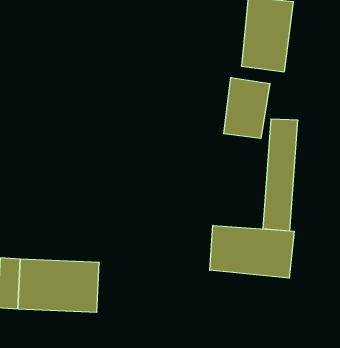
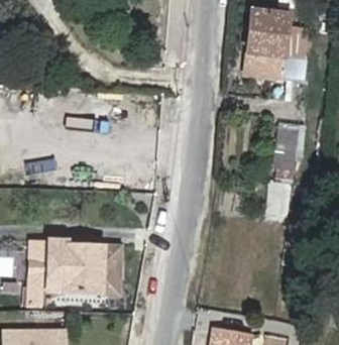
building: [224,77,270,138] -> none
building: [210,225,294,278] -> none

